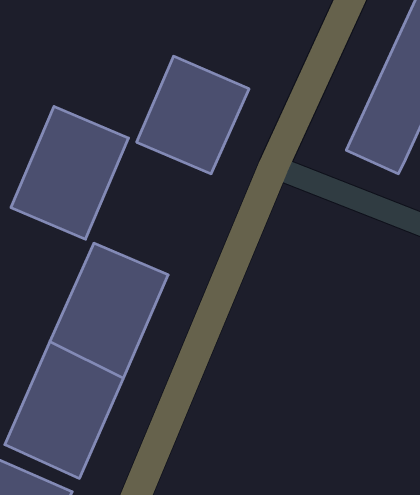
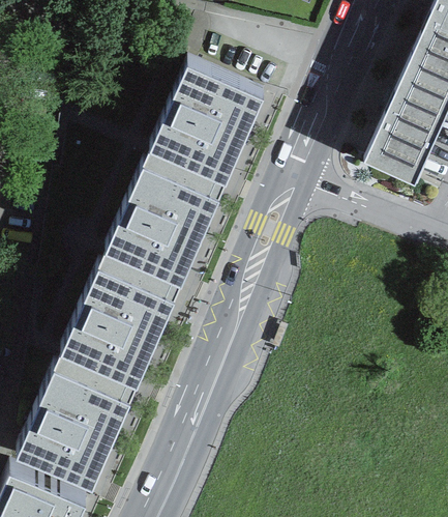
building: [11,106,129,239] -> [108,146,227,281]

